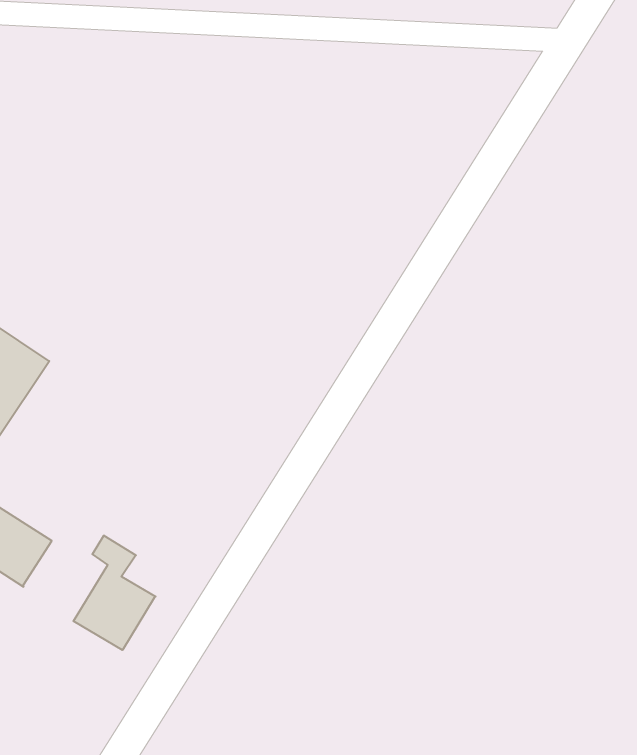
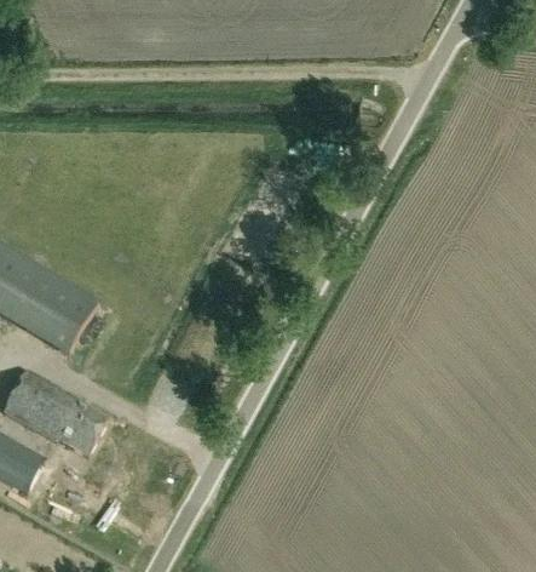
building: [73,535,156,650] -> none

